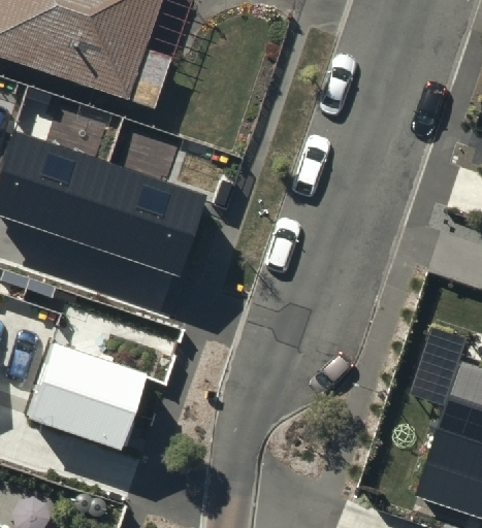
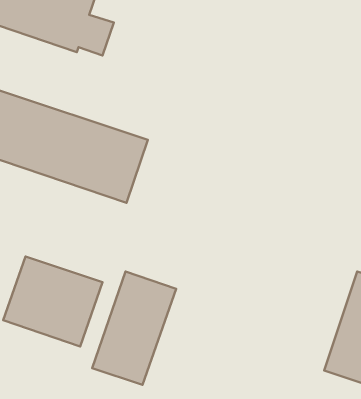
building: none -> [92,272,176,385]

